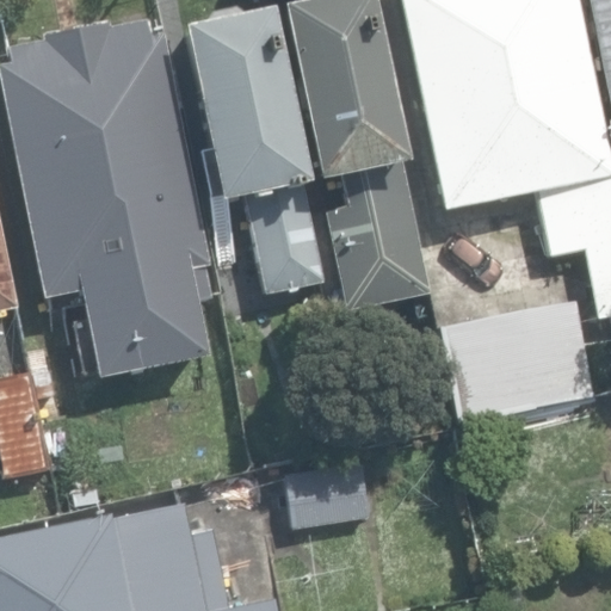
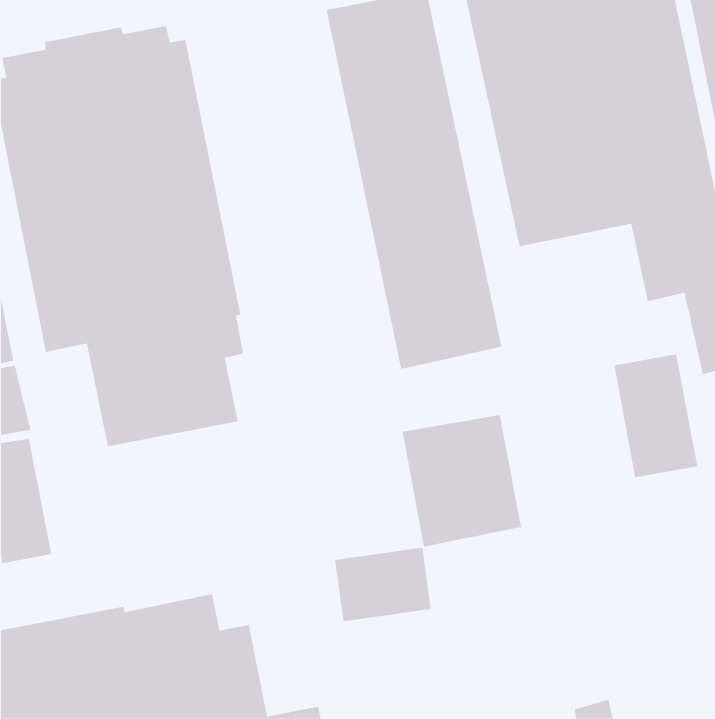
building: [183,8,329,313] -> none
building: [440,309,542,421] -> [402,414,522,547]

